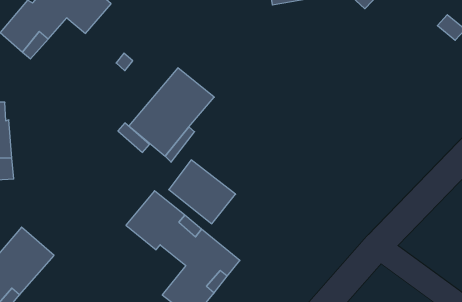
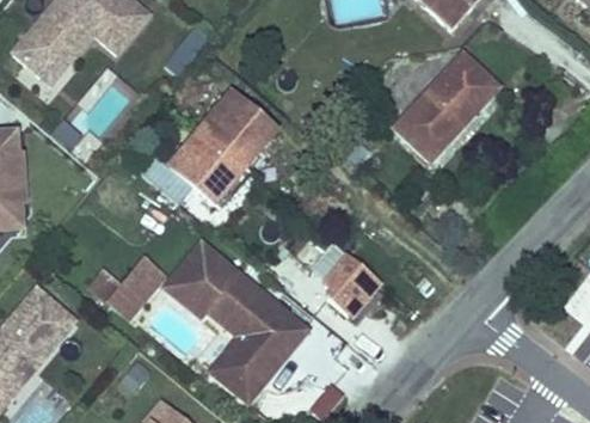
building: none -> [394,44,506,158]
building: [169,160,236,224] -> [305,243,386,320]
building: none -> [88,257,171,324]

